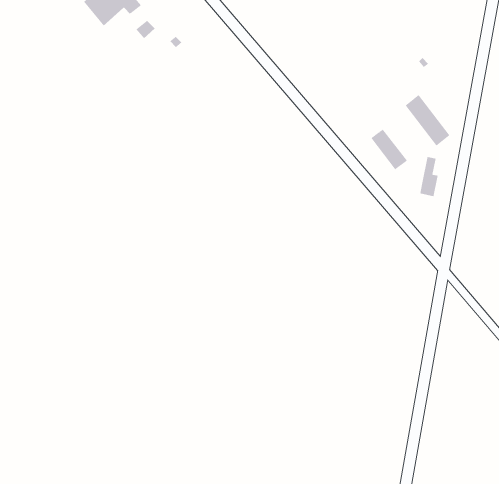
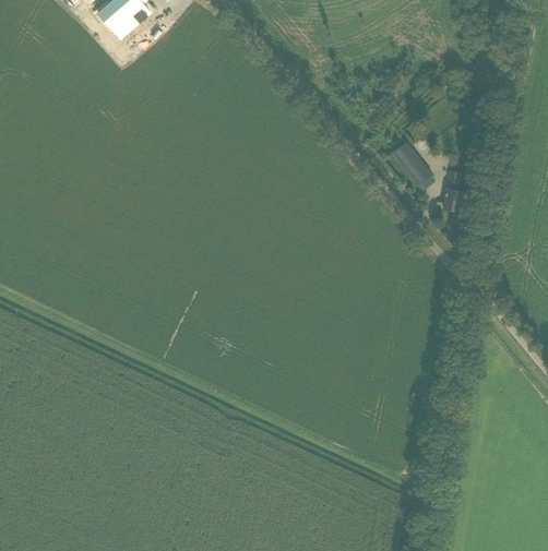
building: [405,94,450,146] -> none

